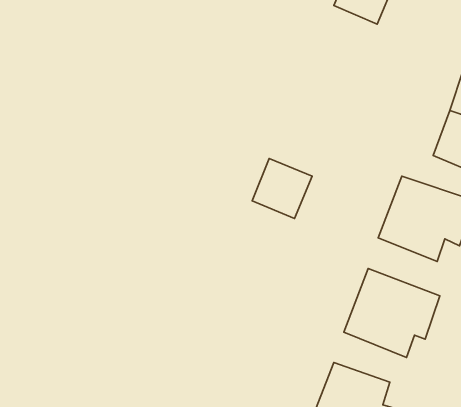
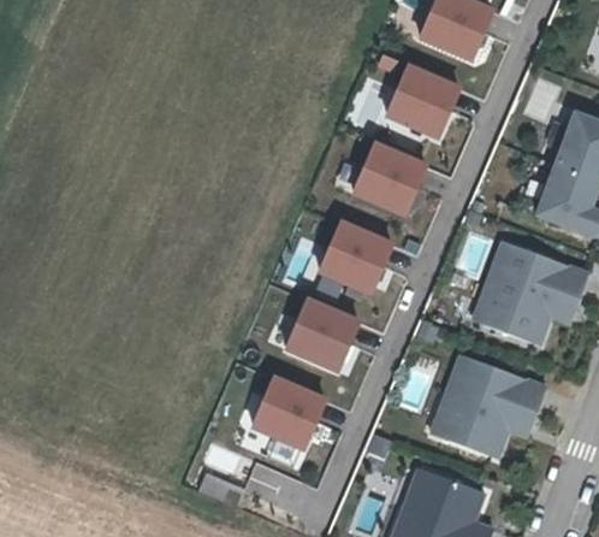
building: none -> [386,64,461,137]
building: none -> [351,143,425,217]
building: none -> [283,296,356,370]
building: none -> [251,376,326,449]

